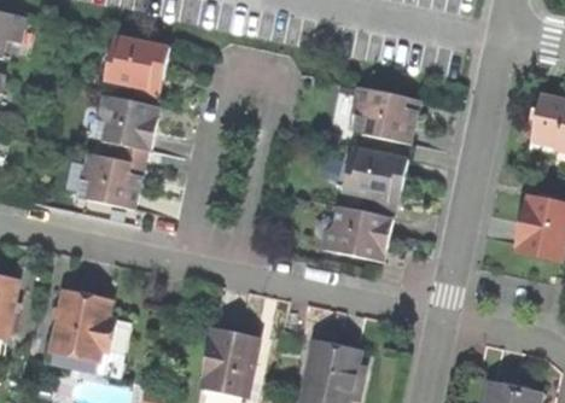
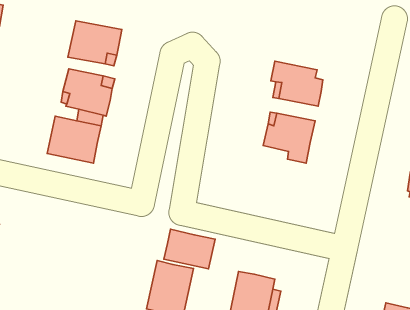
building: [321,204,391,257] -> none
building: none -> [164,229,215,269]
building: [47,291,128,378] -> none

